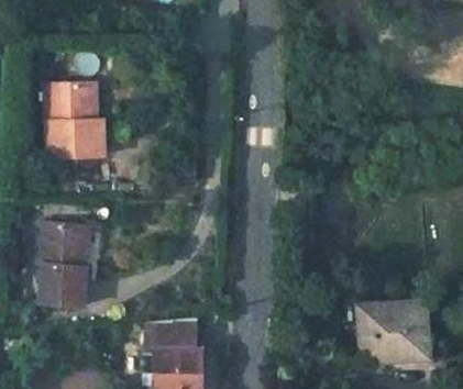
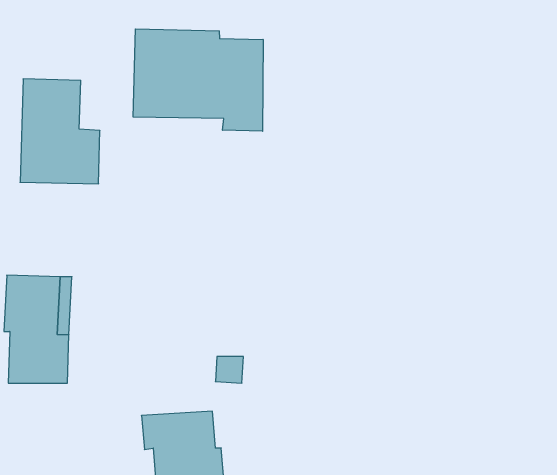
building: none -> [133,29,263,131]
building: [349,299,423,362] -> none

